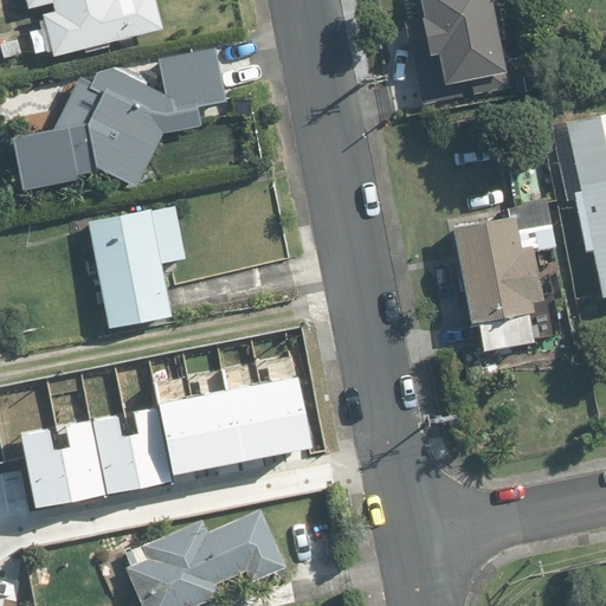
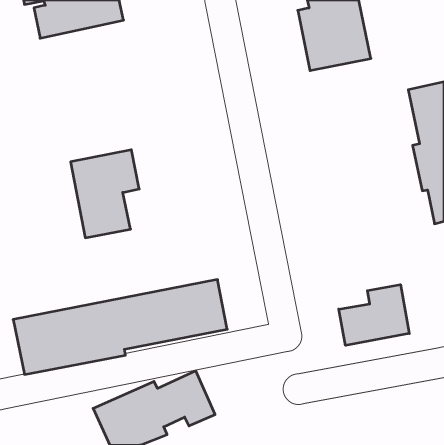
building: [21,45,236,185] -> none
building: [440,202,549,360] -> none
building: none -> [339,285,409,345]

